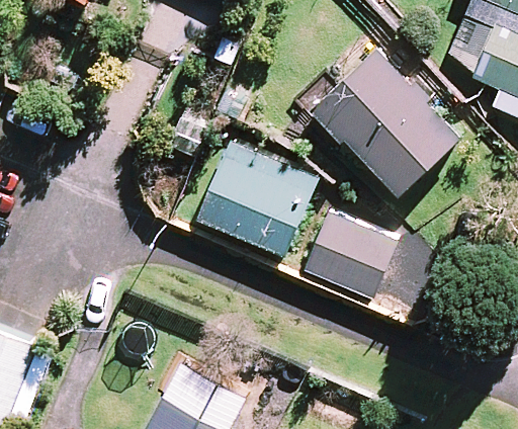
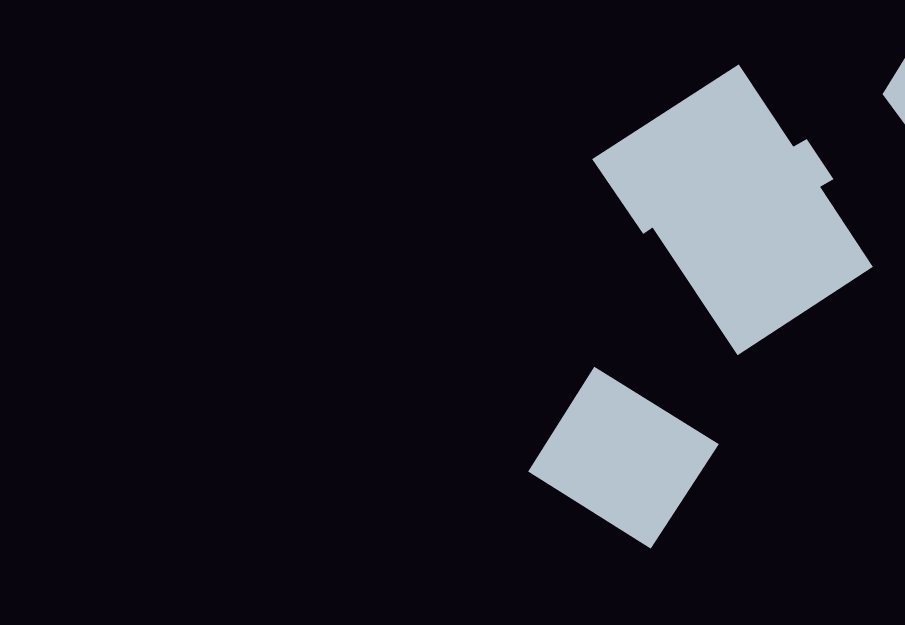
building: [197,143,319,257] -> none

